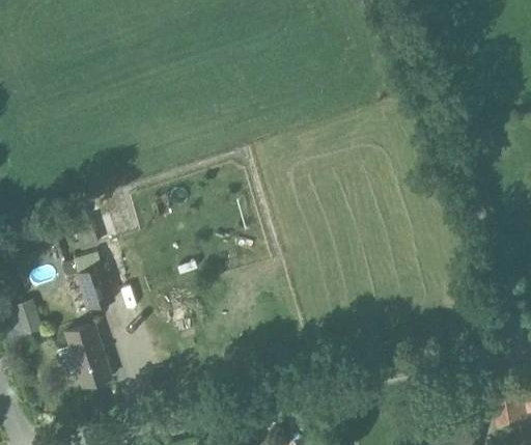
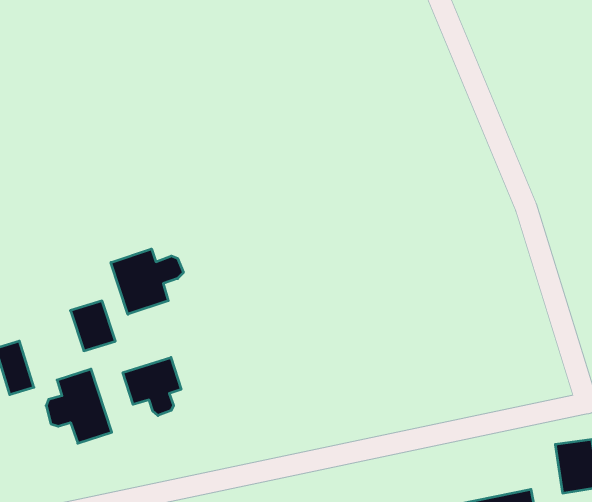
building: none -> [111,249,183,314]
building: none -> [123,357,181,416]

